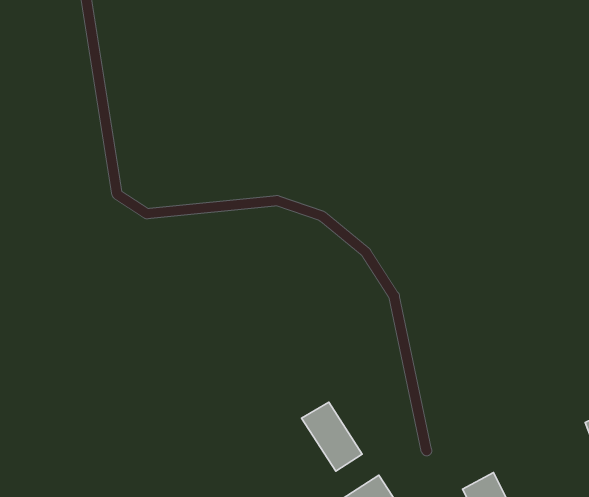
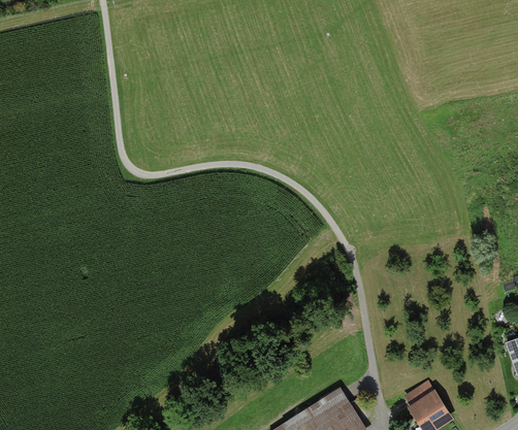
building: [301,402,362,471] -> none

